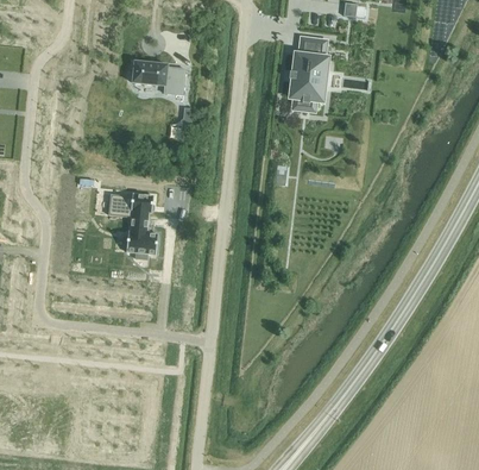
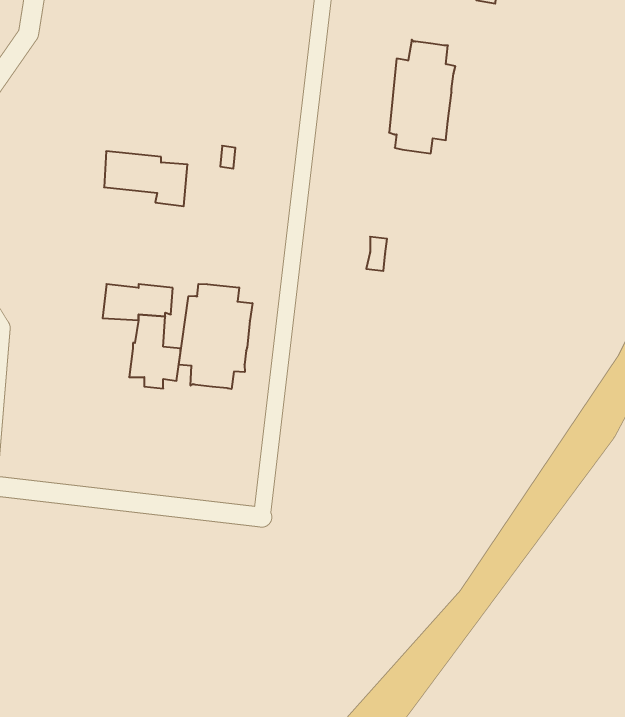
building: [131,61,183,95] -> [104,151,188,206]
building: none -> [179,284,252,389]

